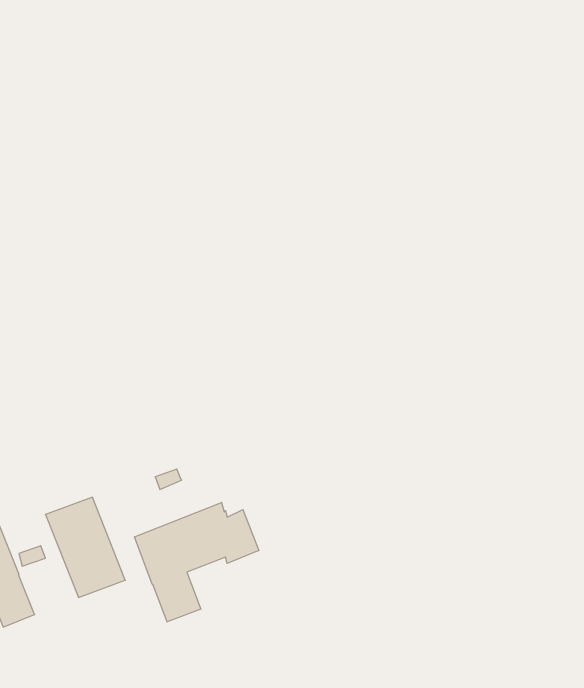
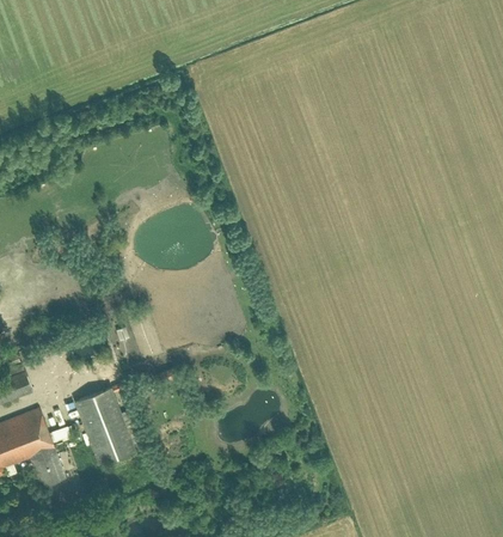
building: [135,502,259,622] -> none

